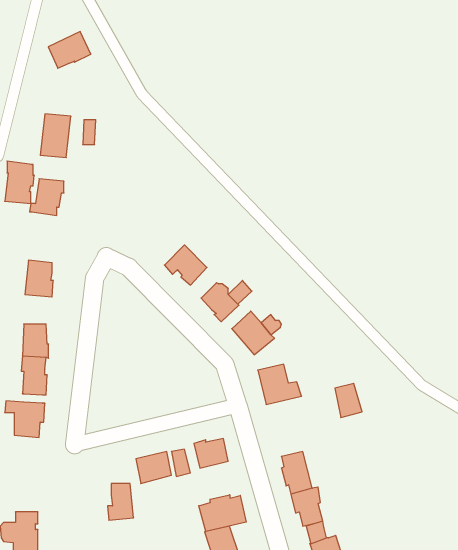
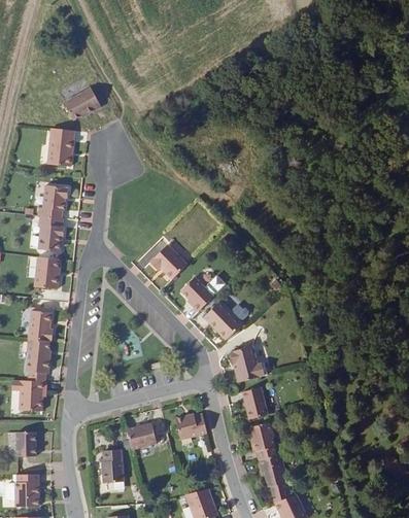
building: [48,32,91,68] -> [62,88,99,119]
building: [5,161,34,204] -> [33,213,59,250]
building: [335,383,362,418] -> [245,389,269,419]
building: none -> [19,433,39,458]
building: [199,495,246,532] -> none

